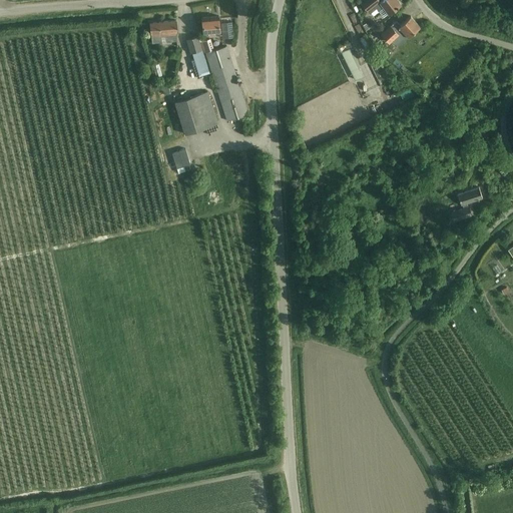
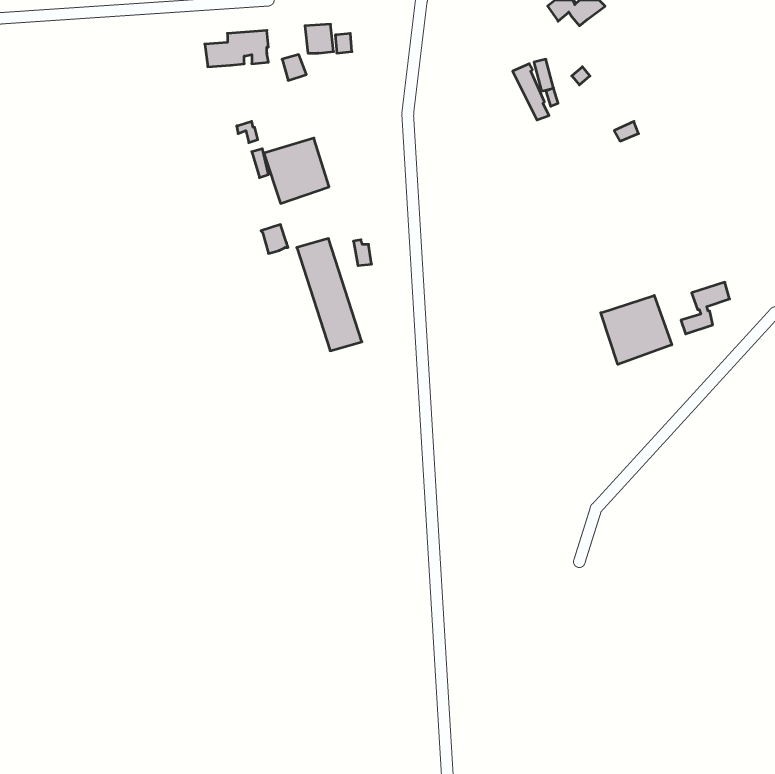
building: [381,17,420,44] -> none
building: [205,47,248,121] -> [297,239,362,351]
building: none -> [601,295,672,364]

